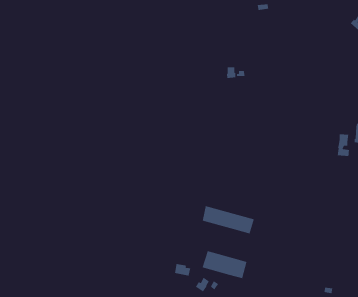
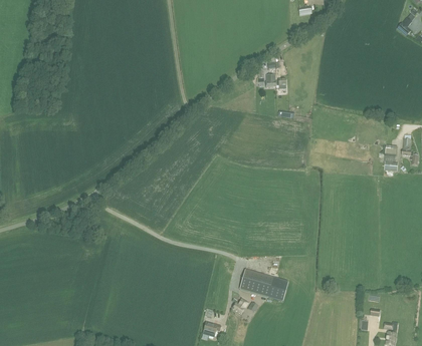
building: [202,205,255,234] -> none

